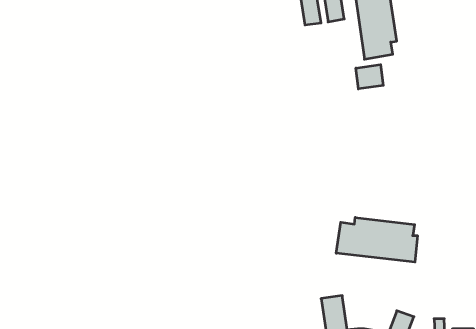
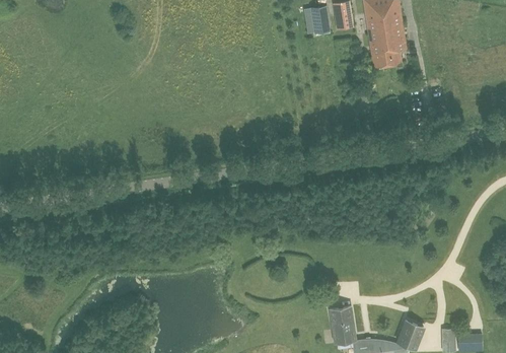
building: [356,65,383,89] -> none
building: [336,217,417,262] -> none

